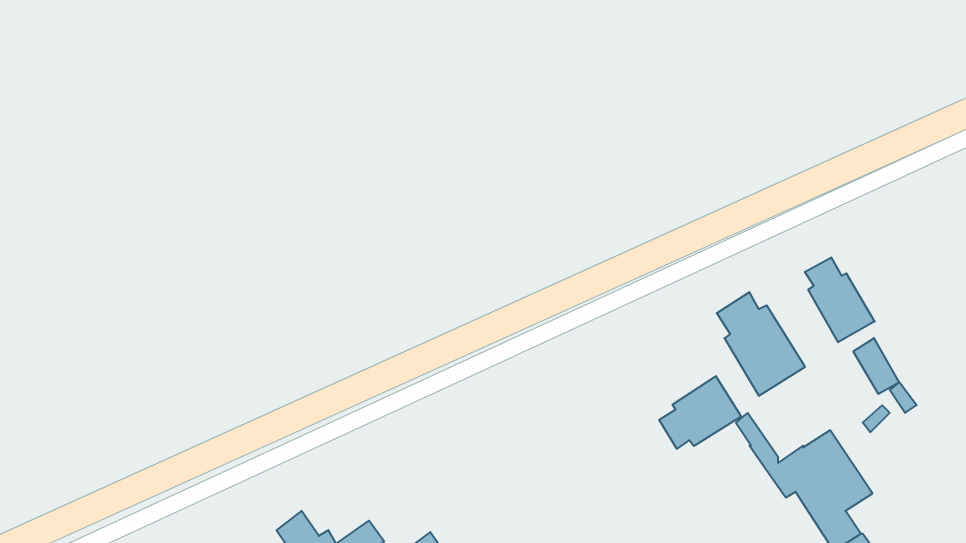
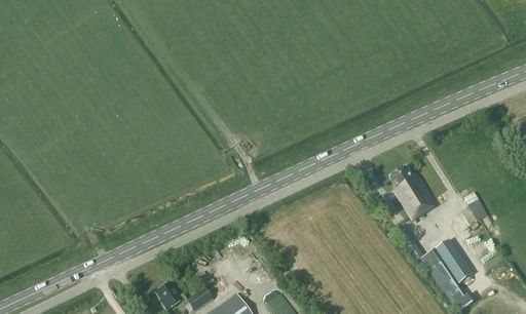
building: [805,257,875,342] -> none
building: [659,376,741,449] -> none

